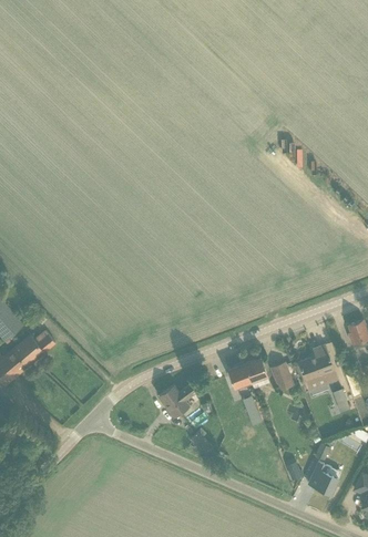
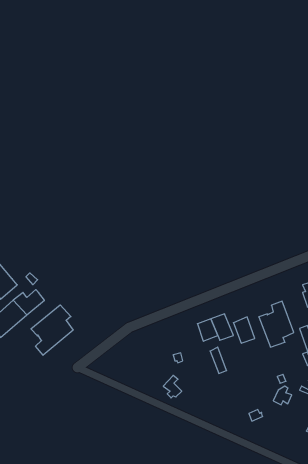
building: none -> [31,305,73,355]
building: [157,381,197,416] -> none
building: [307,462,339,493] -> none

